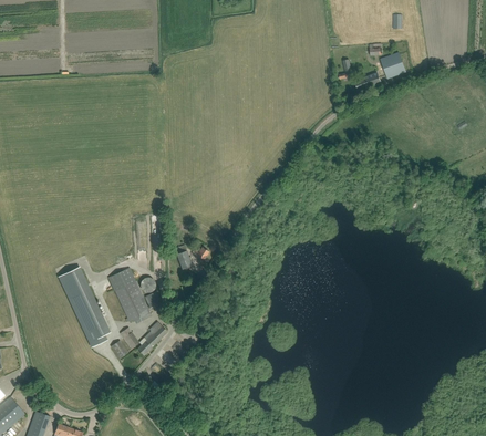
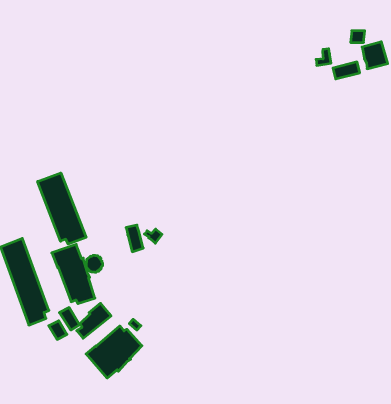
building: none -> [38,173,86,244]
building: none -> [86,326,142,378]

